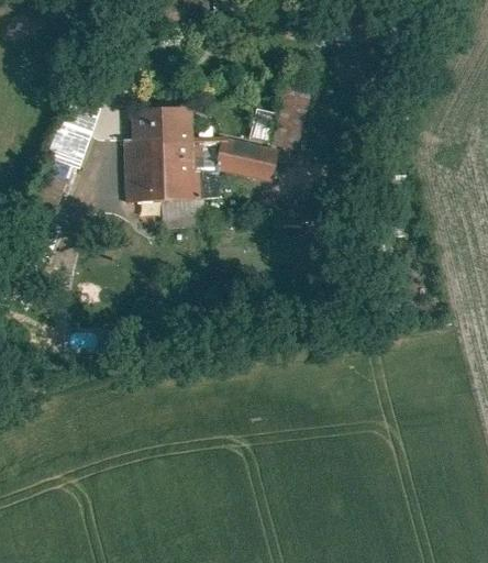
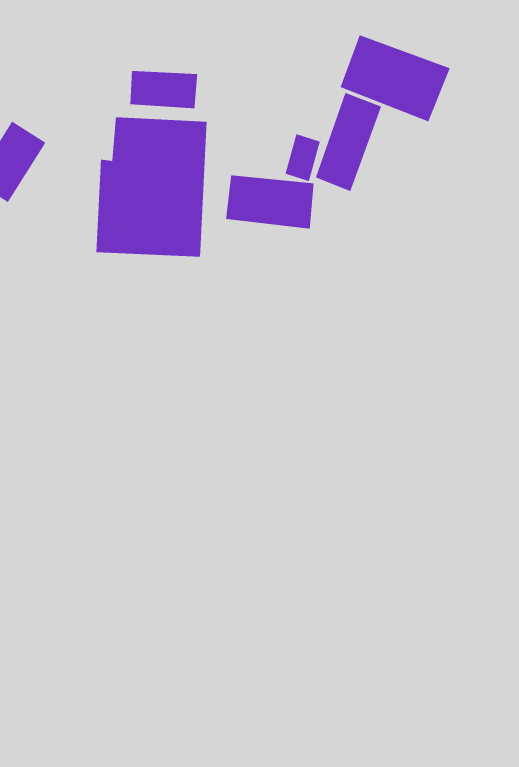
building: none -> [340,34,451,122]
building: none -> [130,70,198,109]

